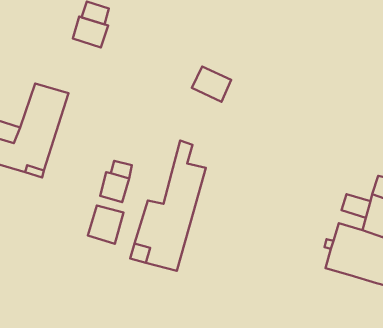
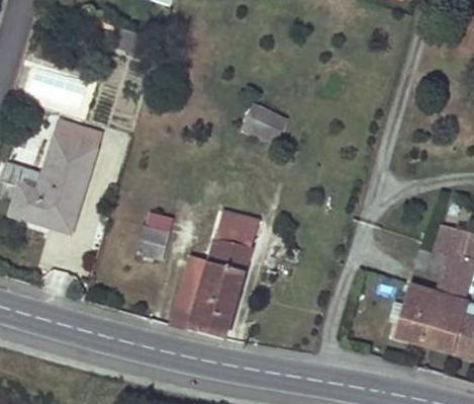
building: [73,17,108,48] -> none
building: [88,205,124,244] -> none

